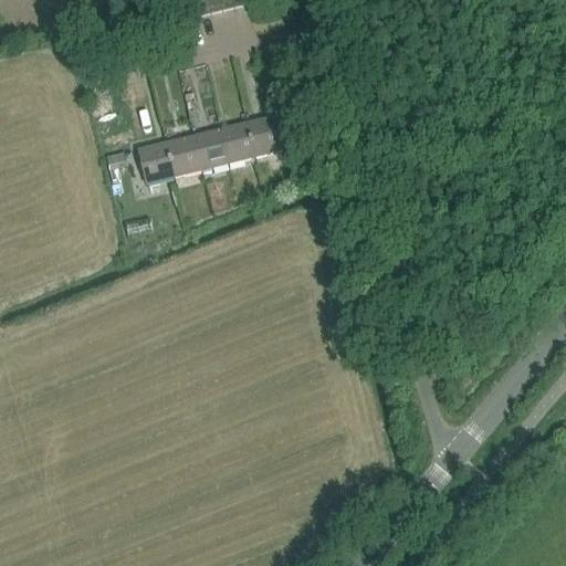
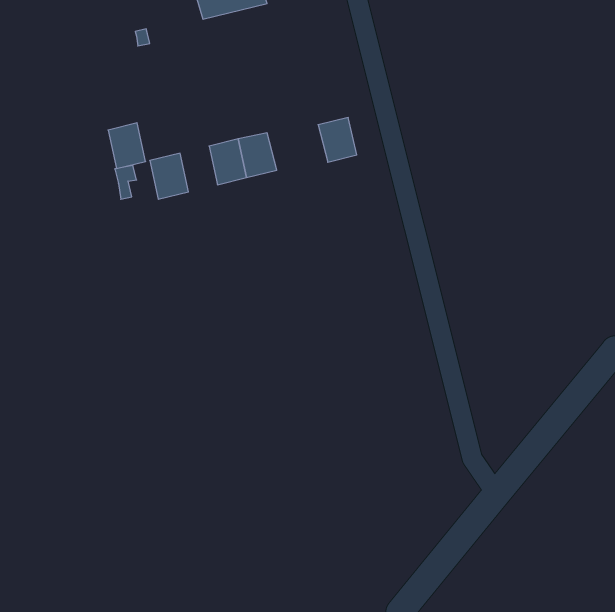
building: [244,115,280,156] -> [318,118,357,162]
building: [165,134,199,176] -> [108,123,146,169]

